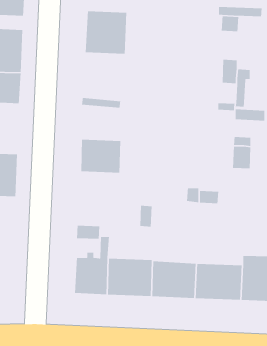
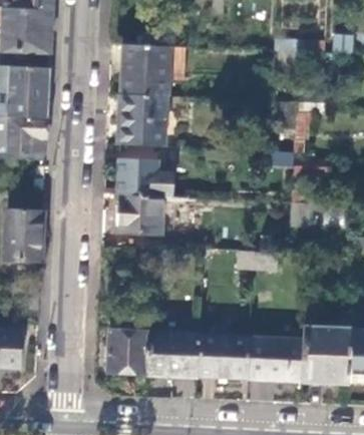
building: none -> [118,95,164,146]
building: none -> [115,160,171,197]

